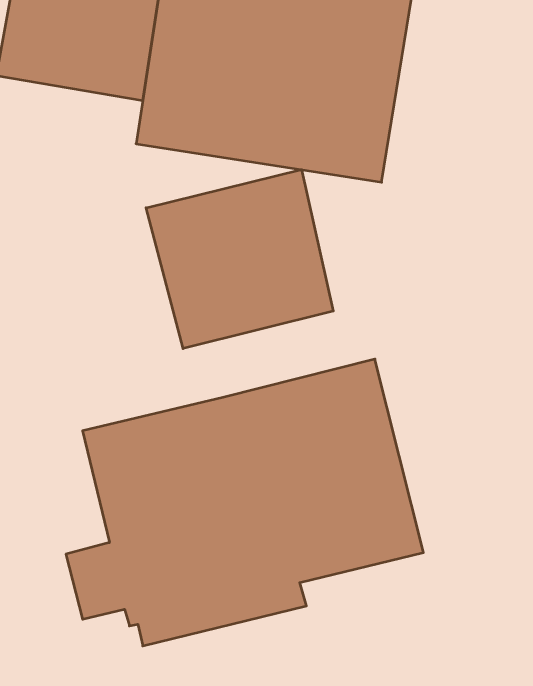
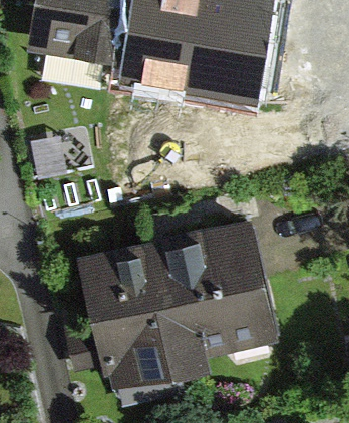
building: [146,170,333,349] -> none

